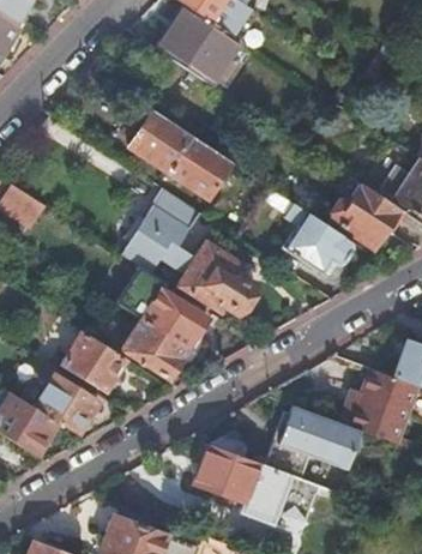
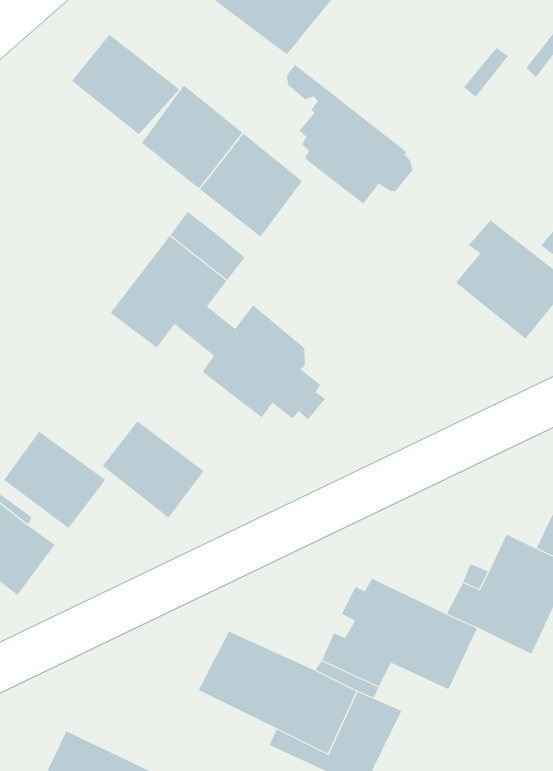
building: none -> [71,34,180,135]
building: [269,191,352,273] -> [286,64,413,204]
building: [143,288,207,348] -> none

